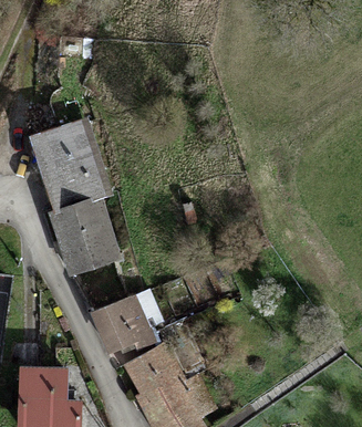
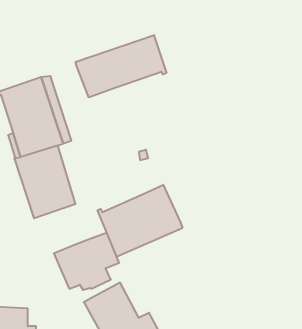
building: none -> [76,35,166,97]
building: none -> [98,185,182,257]

